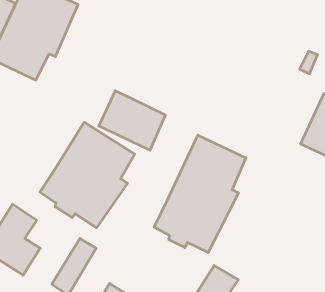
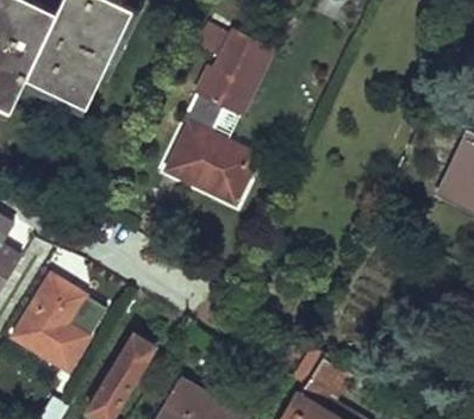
building: none -> [181,26,270,138]
building: [40,122,135,228] -> none
building: [154,135,246,253] -> none

